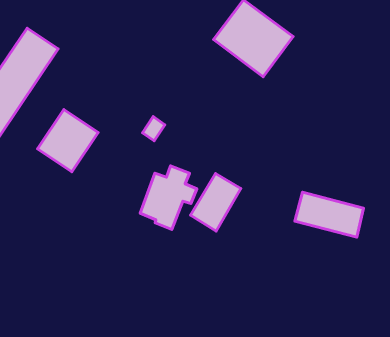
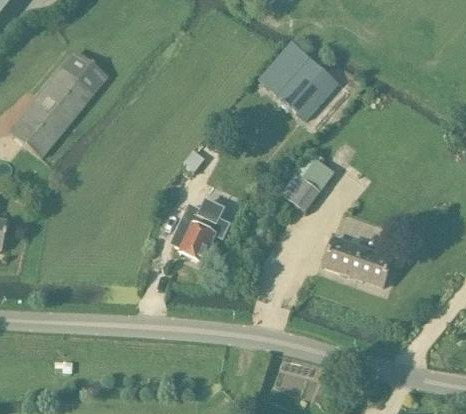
building: [37,109,98,172] -> none
building: [191,174,241,231] -> [284,155,336,212]

